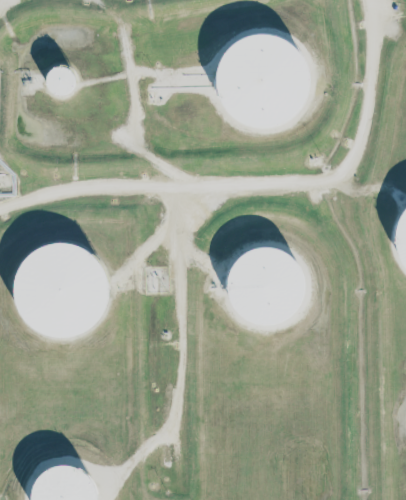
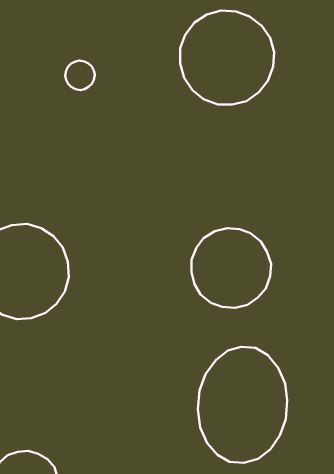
building: [46,66,75,95] -> [65,60,95,90]
building: none -> [198,347,287,463]

